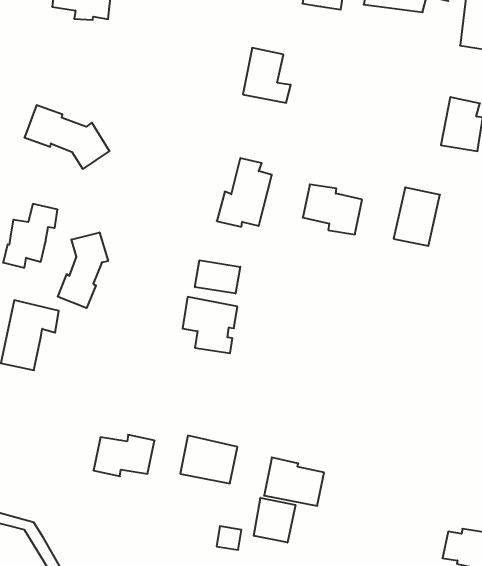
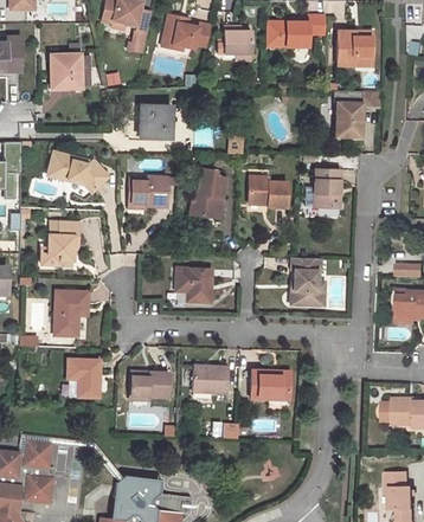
building: [243,48,291,103] -> [140,104,172,138]
building: none -> [128,175,166,206]
building: [58,232,108,308] -> none
building: [195,260,240,294] -> none
building: none -> [289,257,320,304]
building: none -> [68,357,102,398]
building: [254,498,295,543] -> none

